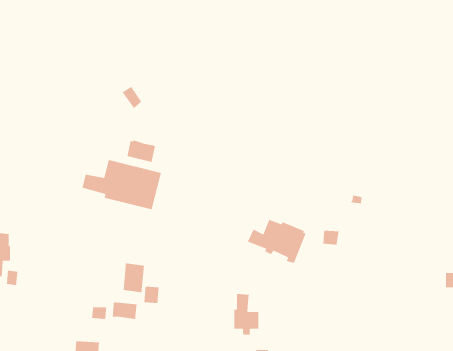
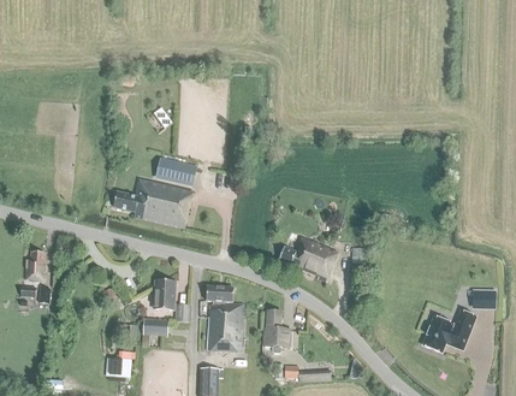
building: none -> [206,285,242,351]
building: none -> [422,309,475,351]

